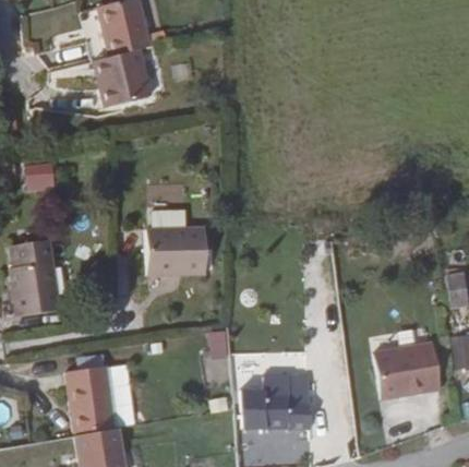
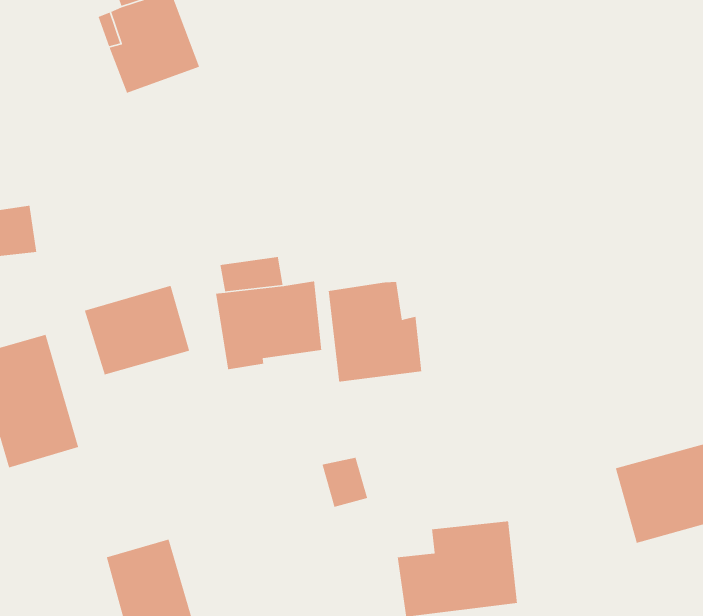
building: none -> [84,285,190,376]
building: none -> [328,281,422,382]

